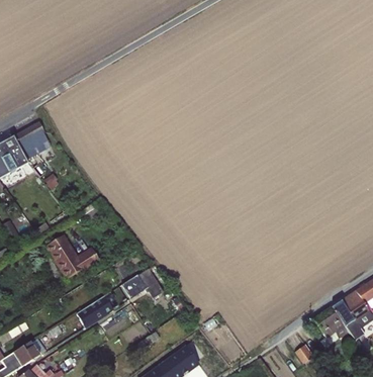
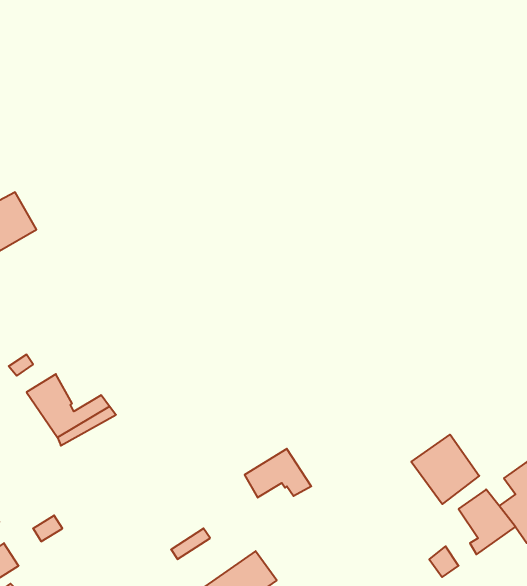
building: [121,268,163,298] -> [245,449,311,498]
building: none -> [411,435,479,504]
building: [77,292,113,325] -> none

